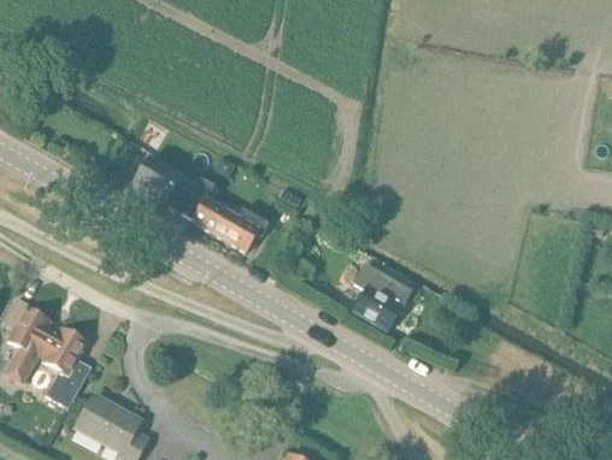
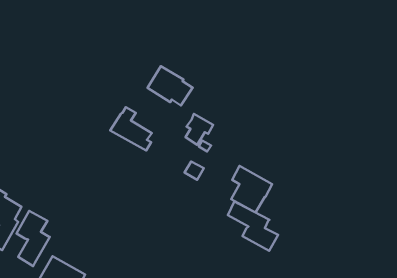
building: [130,155,195,212] -> [148,66,193,106]
building: [230,207,270,252] -> [186,114,213,145]
building: none -> [228,201,278,251]

